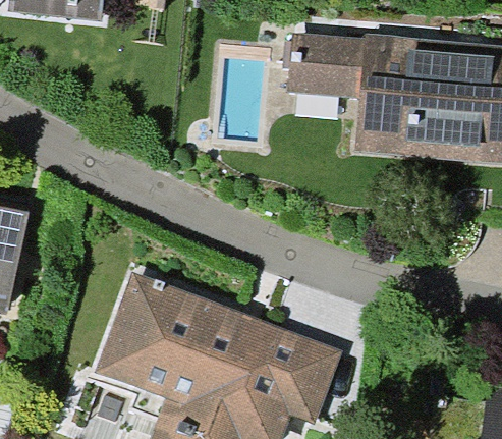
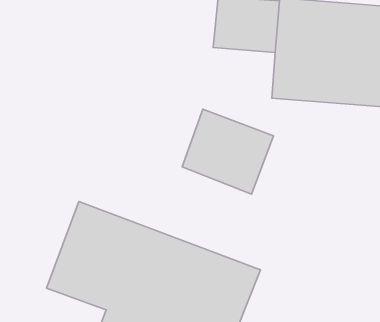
building: none -> [182,109,273,194]

